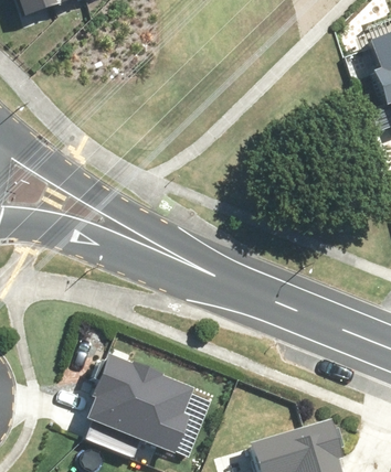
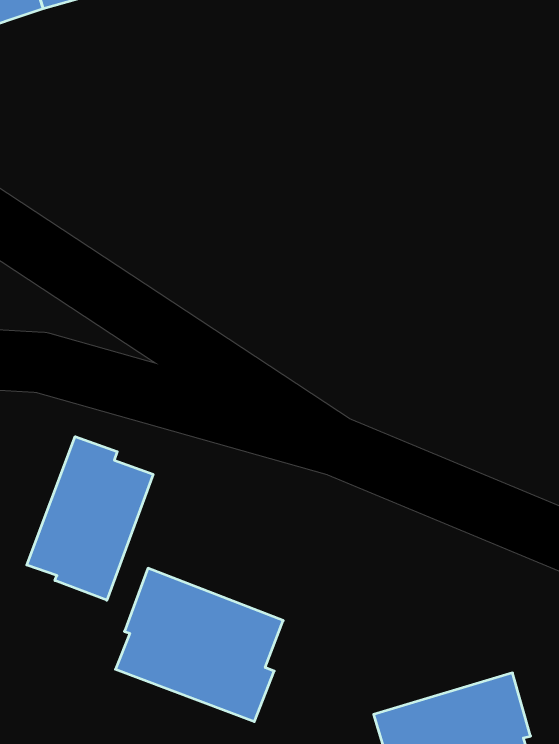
building: none -> [27,437,153,600]

